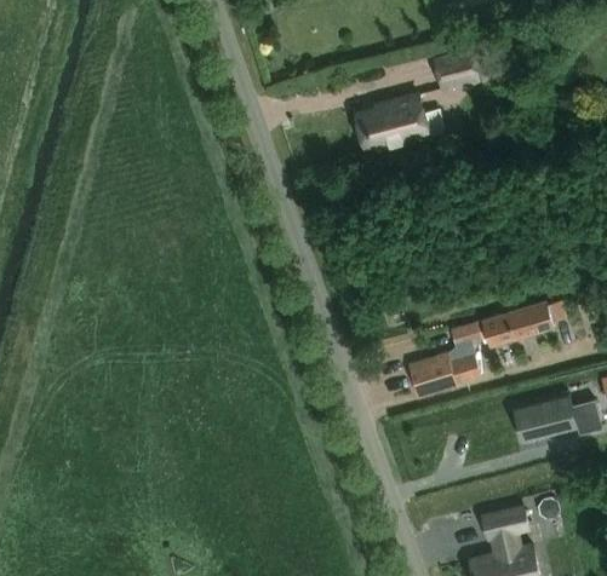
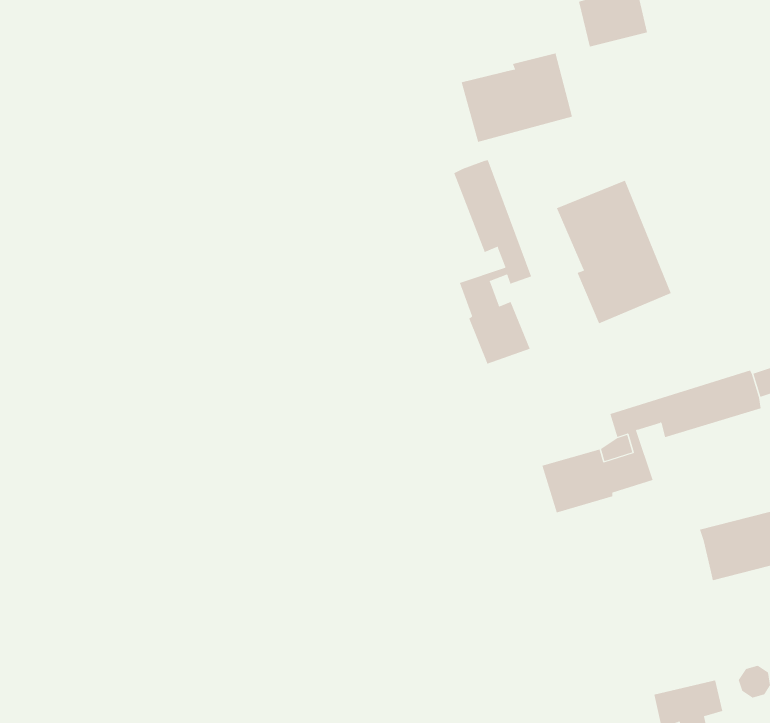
building: none -> [454,160,532,365]
building: none -> [556,180,672,324]

